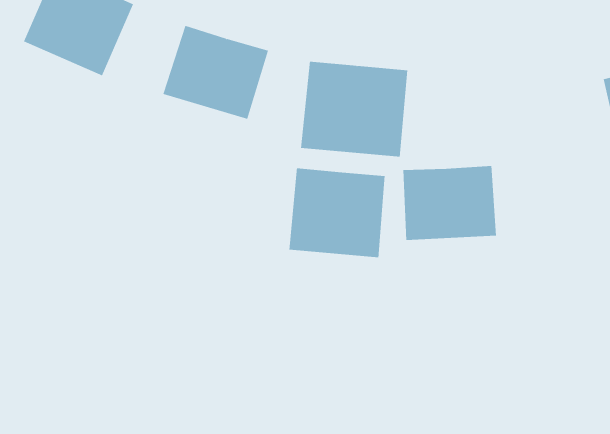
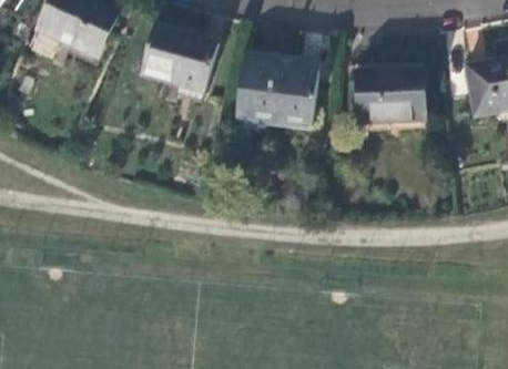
building: [402,165,497,240] -> [357,63,427,119]
building: [289,168,385,258] -> none

